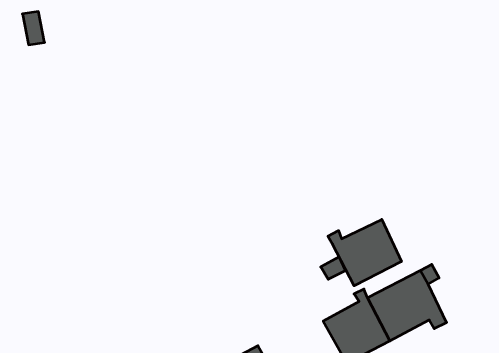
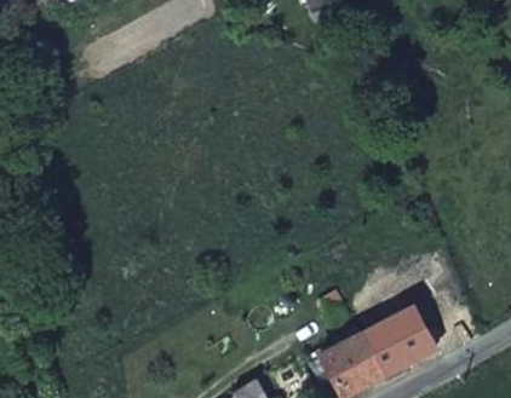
building: [328,219,401,286] -> none

